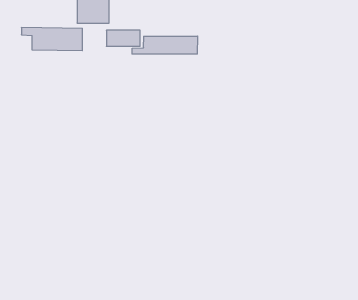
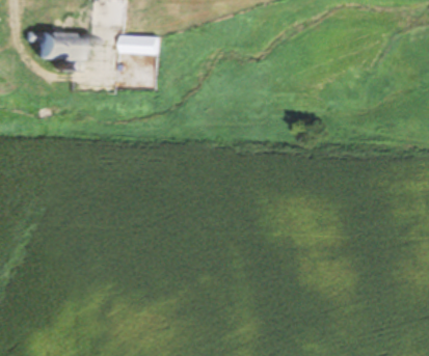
building: [132,36,198,54] -> none

